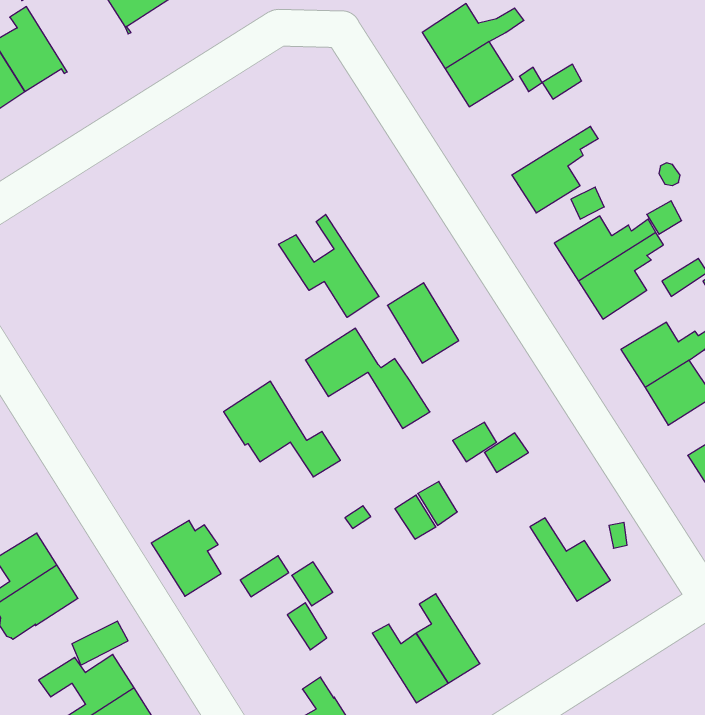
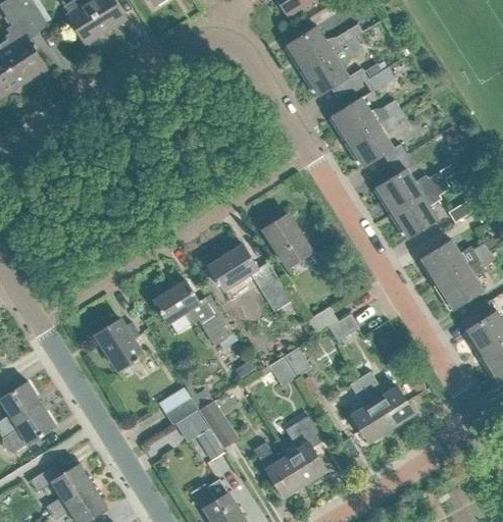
building: none -> [332,98,400,142]
building: [279,214,379,317] -> none
building: [151,520,221,596] -> [95,319,142,370]
building: none -> [349,378,391,442]

